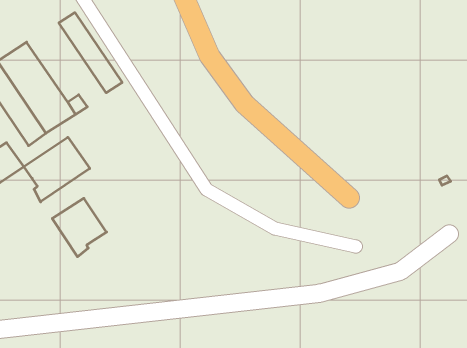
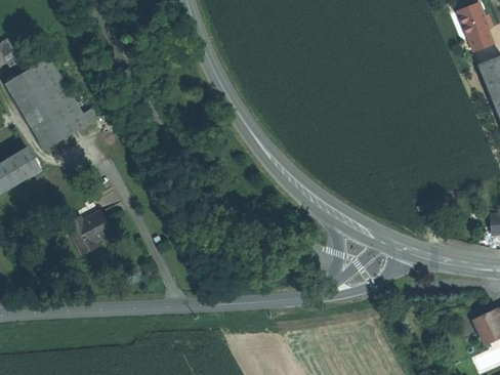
building: [59,13,122,93] -> none
building: [24,137,90,202] -> none

